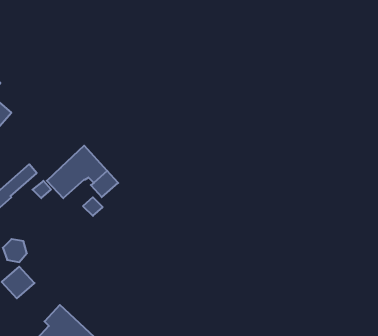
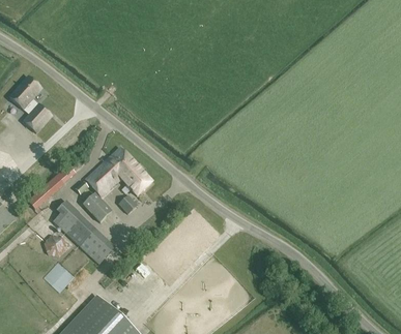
building: none -> [83,192,112,221]
building: none -> [53,201,115,264]

